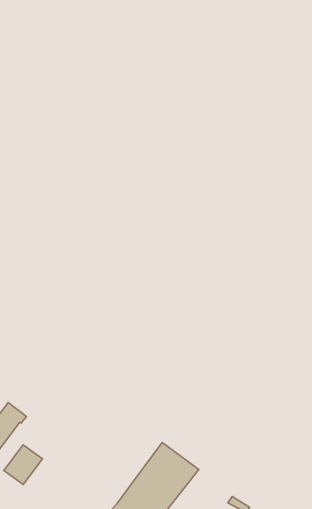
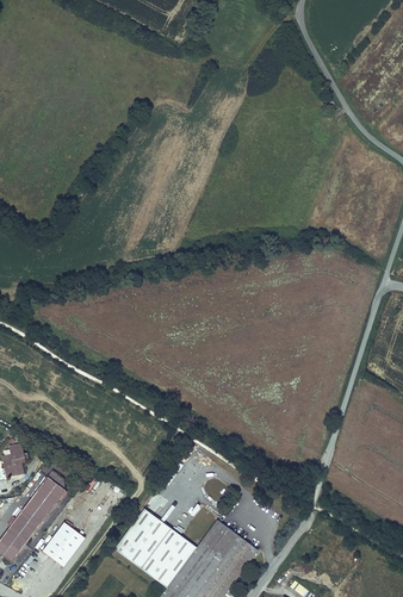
building: none -> [114,509,197,589]

